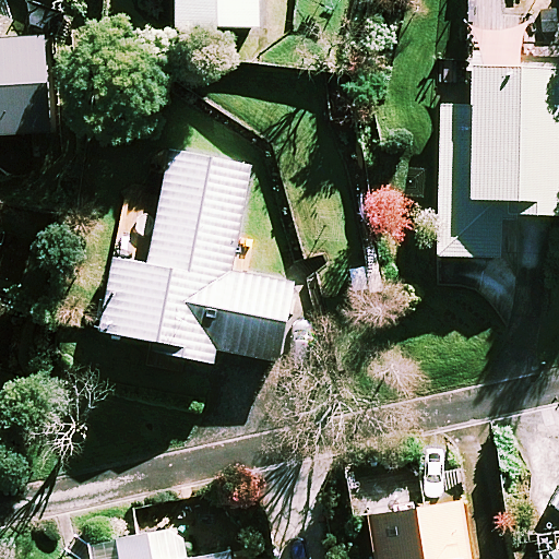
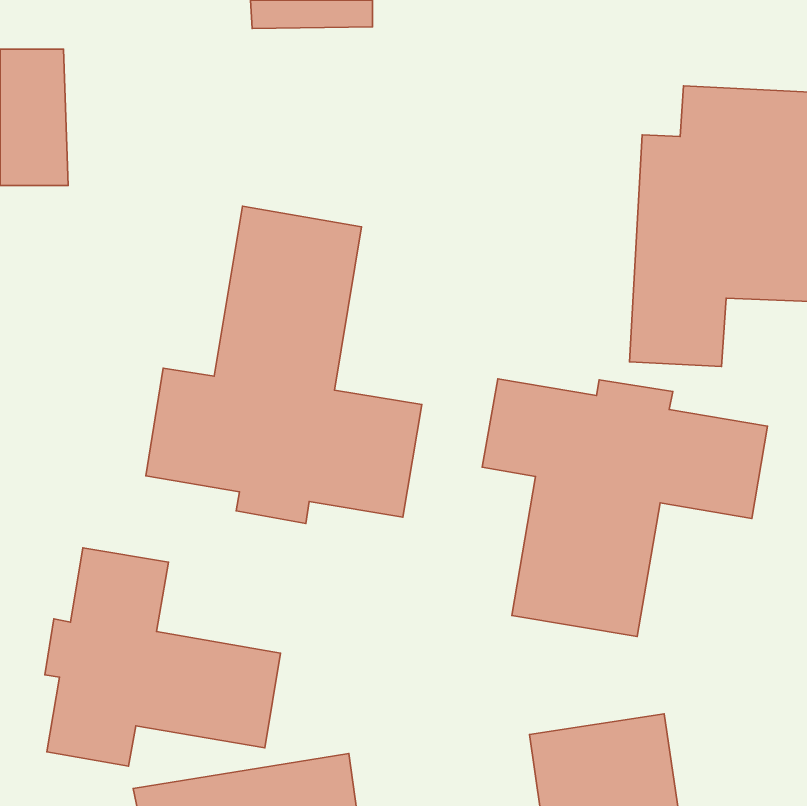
building: none -> [482,379,767,636]
building: none -> [45,548,280,766]

